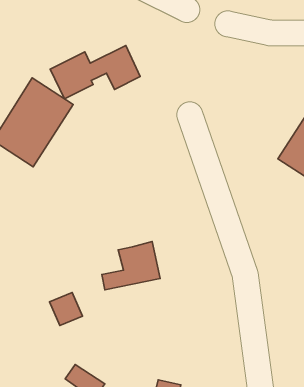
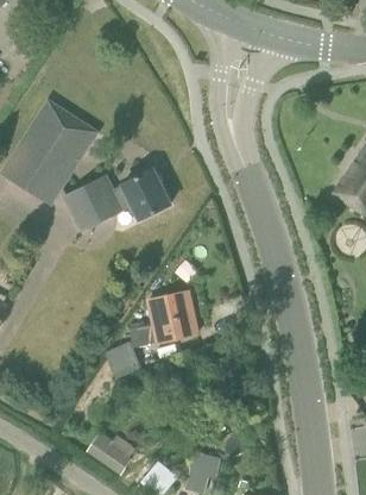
building: [50,46,140,99] -> [65,169,170,231]
building: [50,293,82,325] -> [103,342,141,380]

